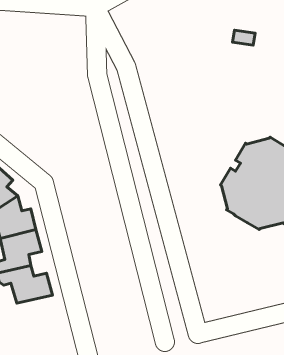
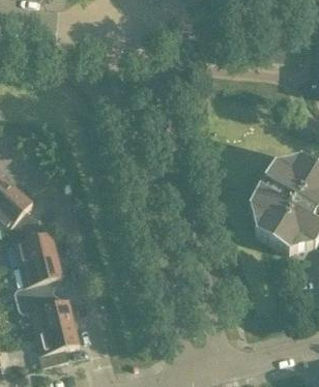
building: none -> [36,321,79,364]

